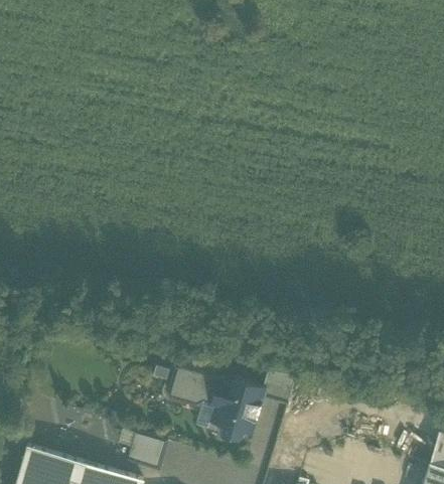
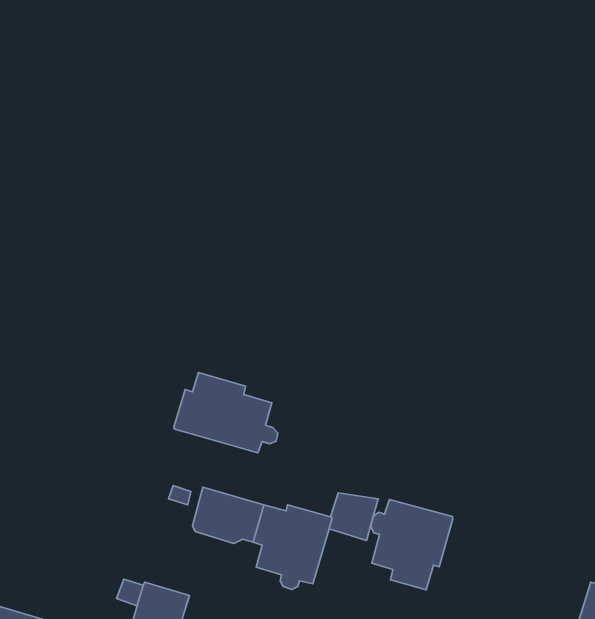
building: none -> [174,373,278,453]
building: none -> [371,500,453,590]

